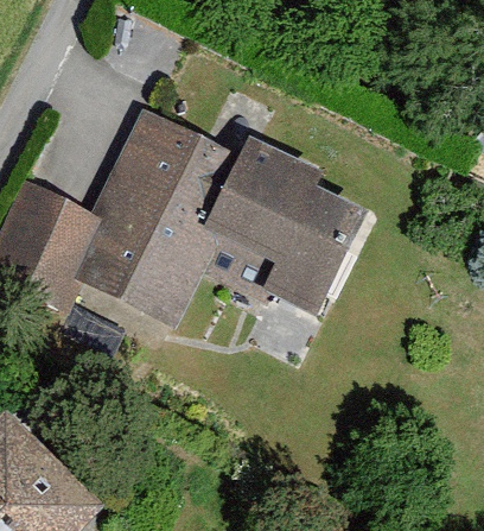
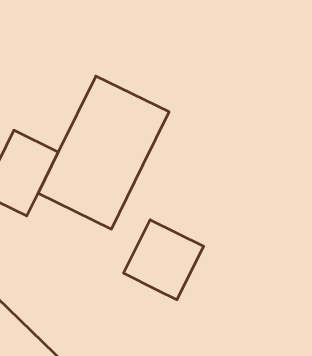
building: [206,140,367,316] -> none
building: none -> [124,220,204,300]

